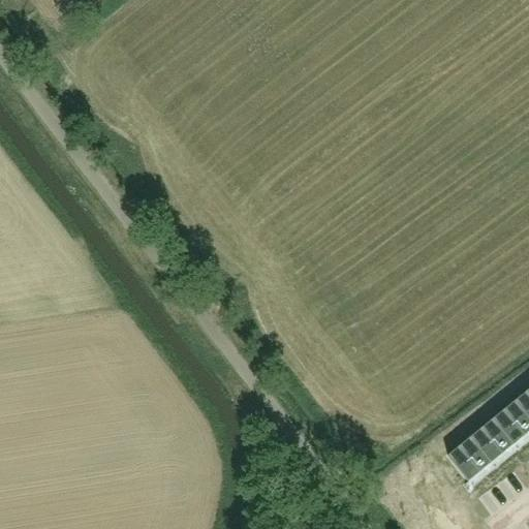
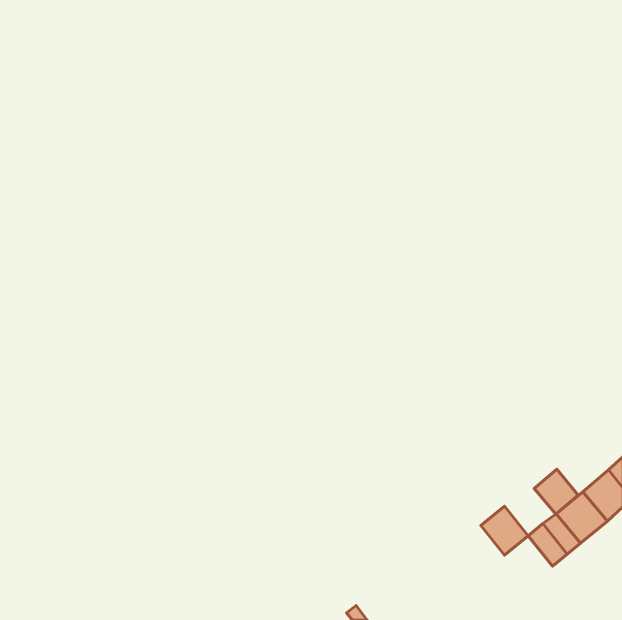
building: none -> [534,469,578,514]
building: none -> [481,506,528,555]

